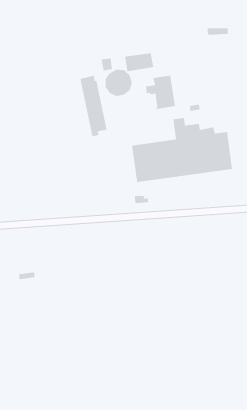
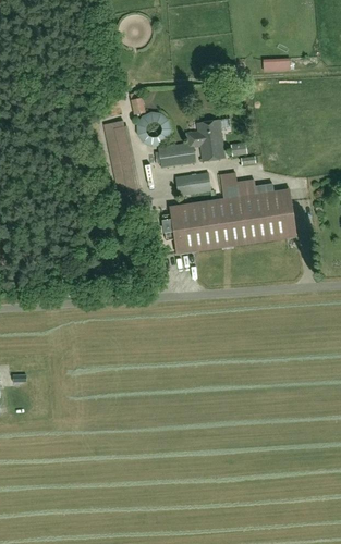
building: [124,52,154,72] -> [158,143,195,168]
building: none -> [175,173,210,195]

